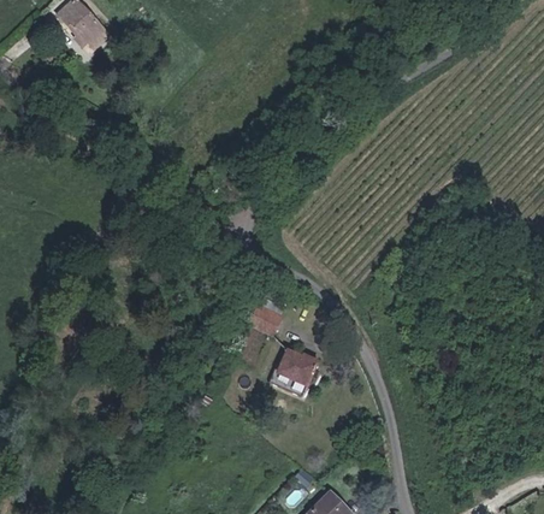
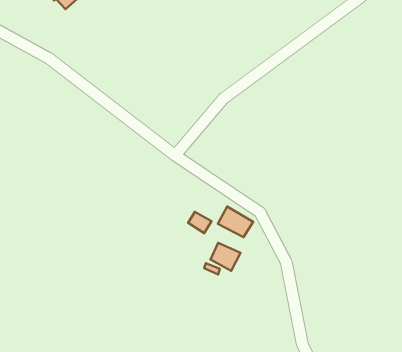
building: none -> [218,206,253,237]

